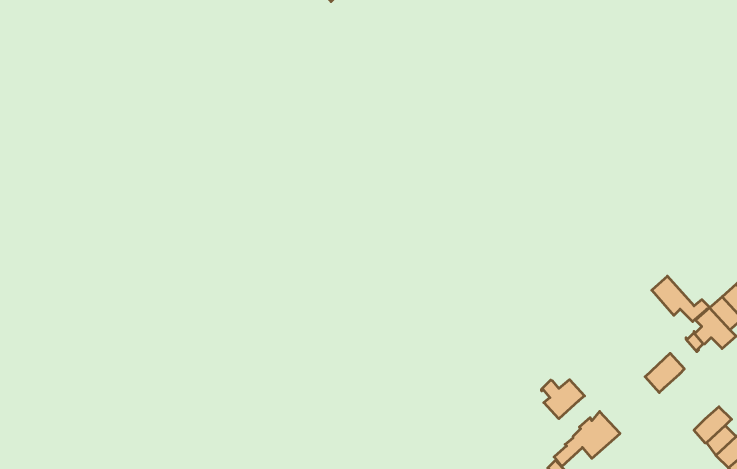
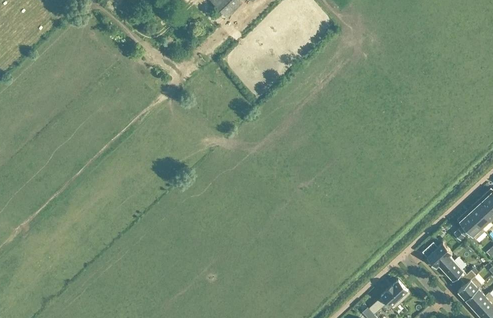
building: [652,276,710,322] -> [437,256,474,285]
building: [542,380,585,419] -> none

